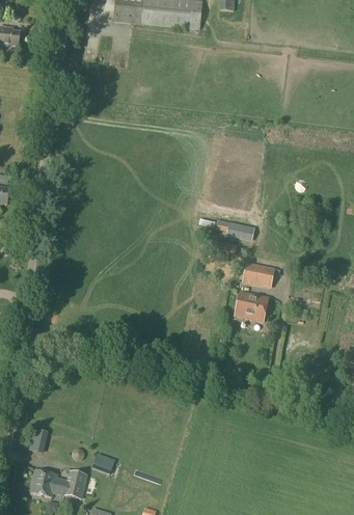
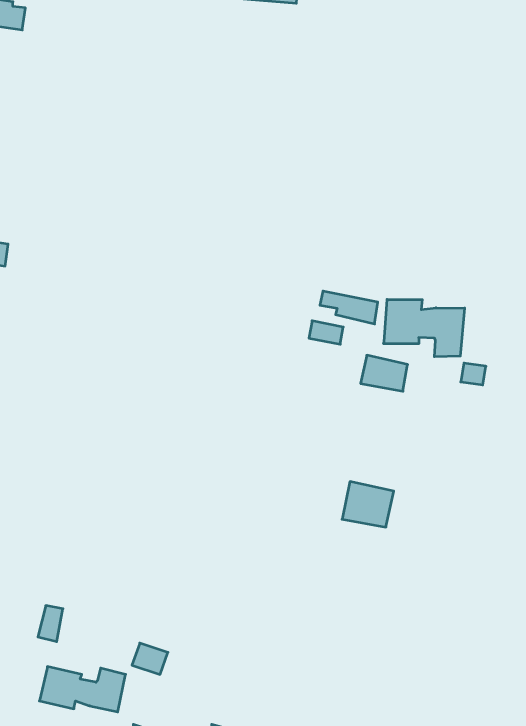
building: none -> [384,299,465,357]
building: [235,291,269,321] -> [342,482,394,527]

